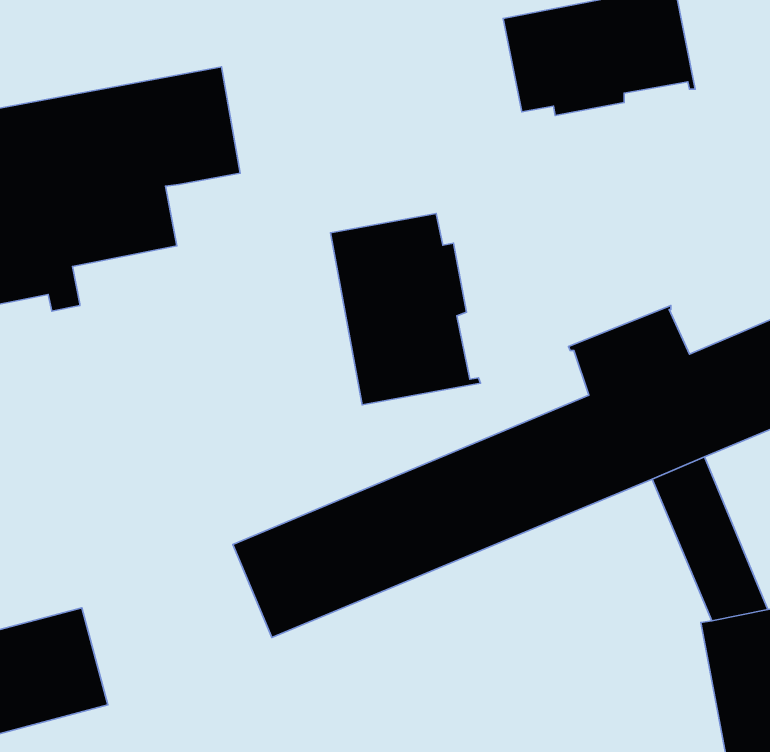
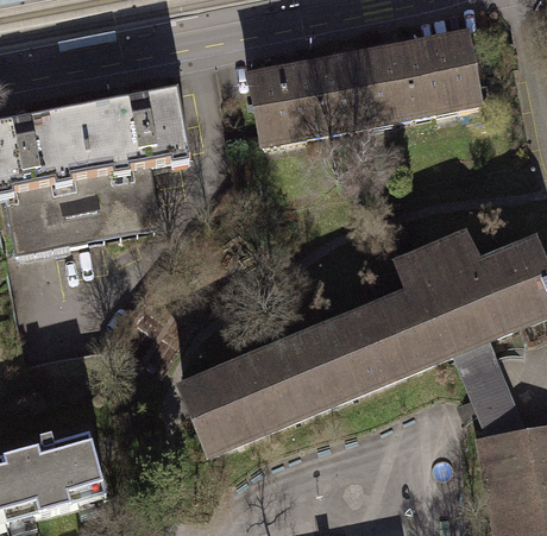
building: none -> [249,56,370,141]
building: none -> [83,162,163,238]
building: [330,214,481,405] -> none

